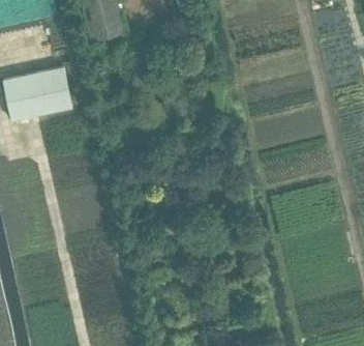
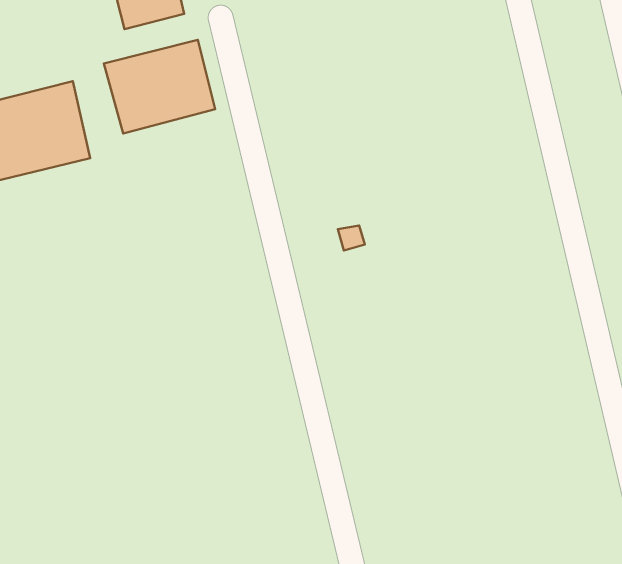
building: none -> [104,40,215,134]

